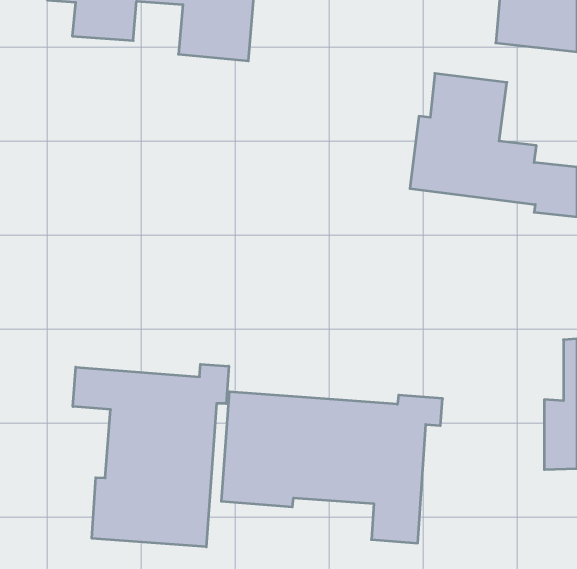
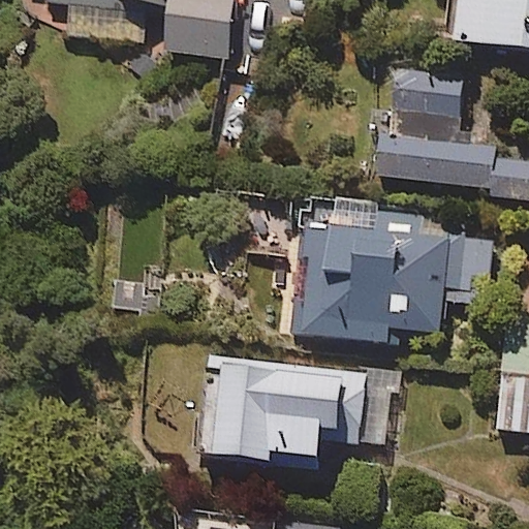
building: none -> [303,225,491,341]
building: [73,364,229,547] -> none

